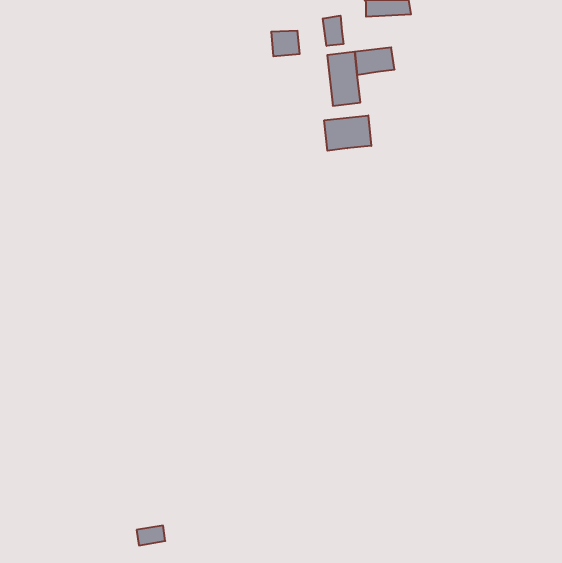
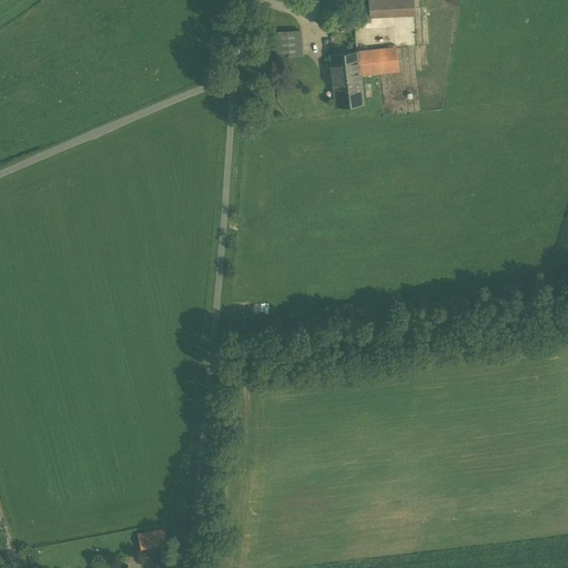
building: [323,16,343,46] -> none
building: [324,115,371,151] -> none

